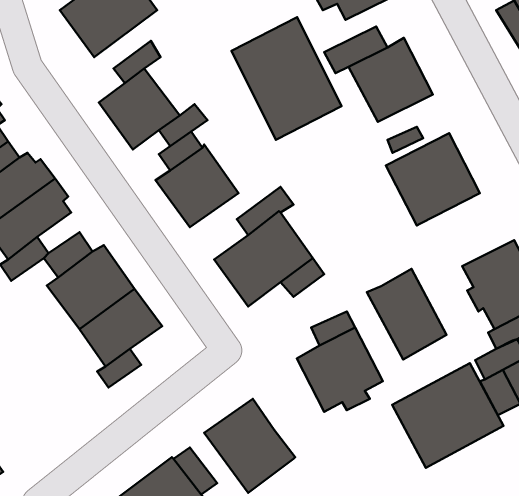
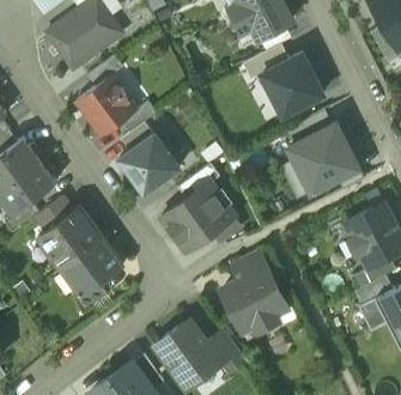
building: [231,17,342,140] -> none
building: [367,269,446,360] -> none
building: [392,363,504,468] -> none
building: none -> [206,329,248,376]

